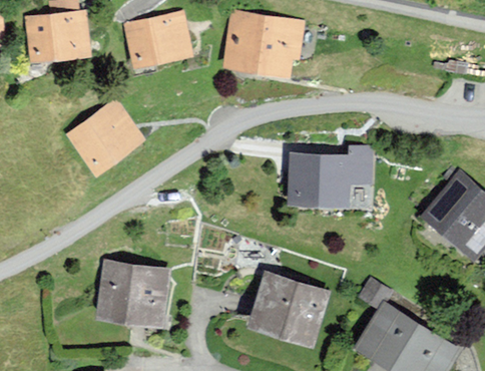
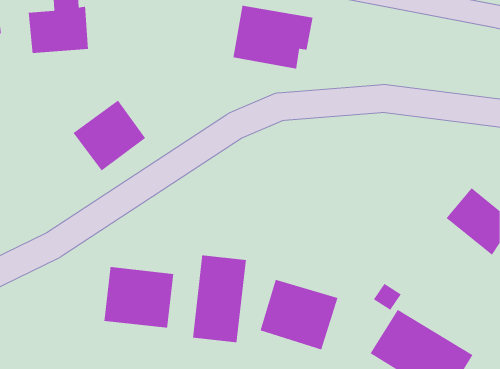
building: [127,13,188,65] -> none
building: [290,147,371,205] -> none
building: none -> [192,255,247,343]

